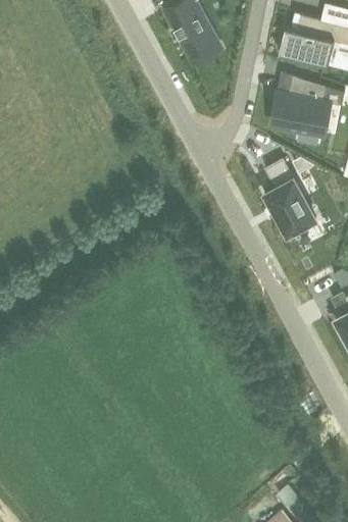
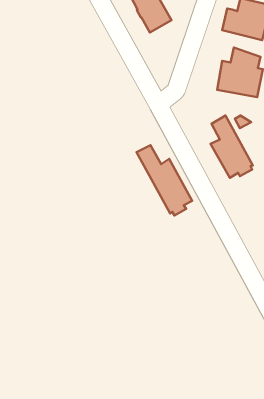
building: none -> [137,145,192,216]

